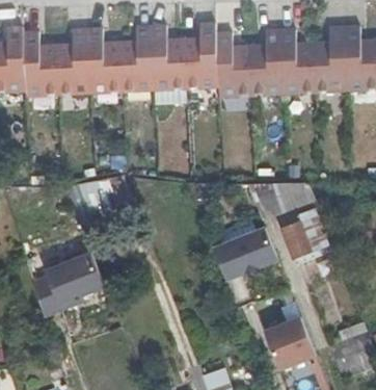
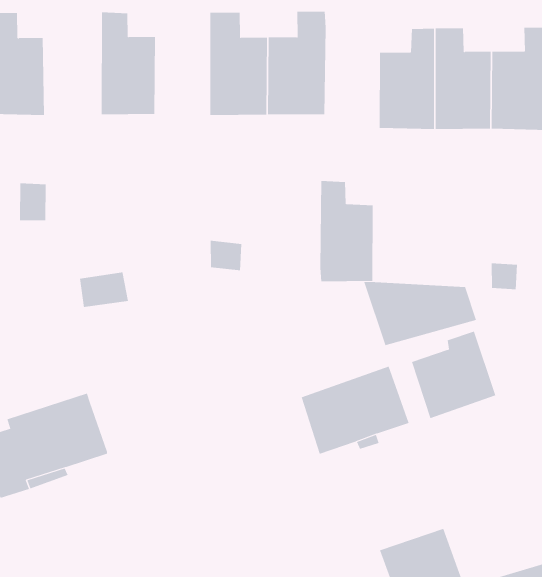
building: [119,28,153,88] -> none
building: [55,31,90,93] -> none
building: [217,33,250,92] -> [320,181,374,282]

